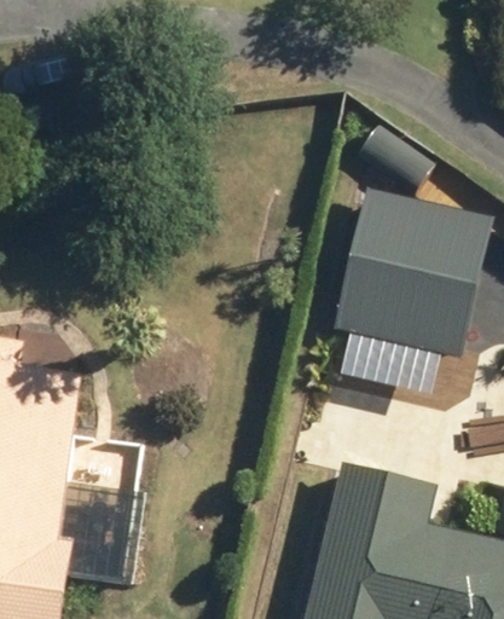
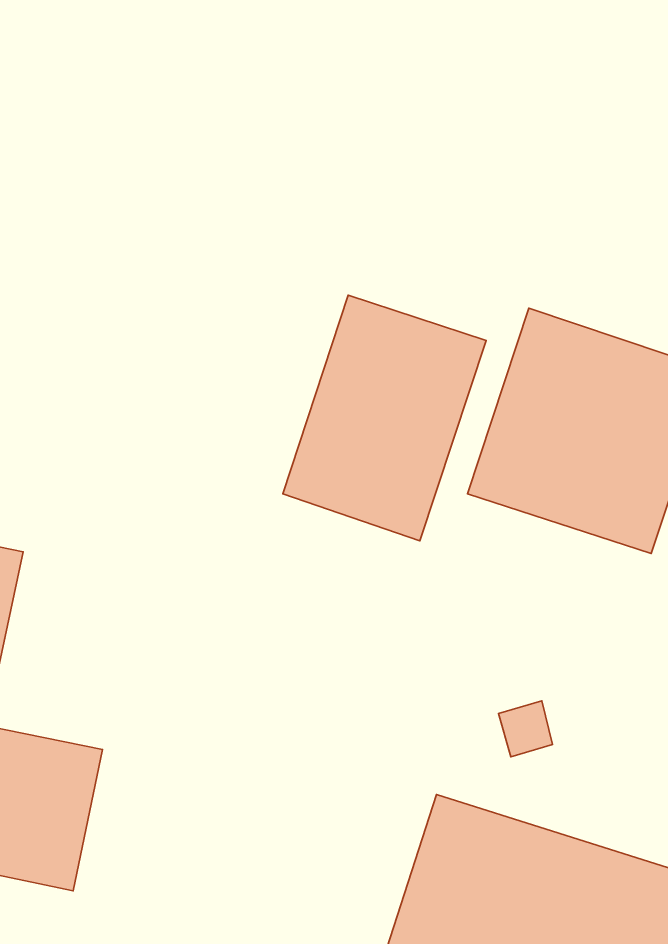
building: none -> [283,295,486,541]

